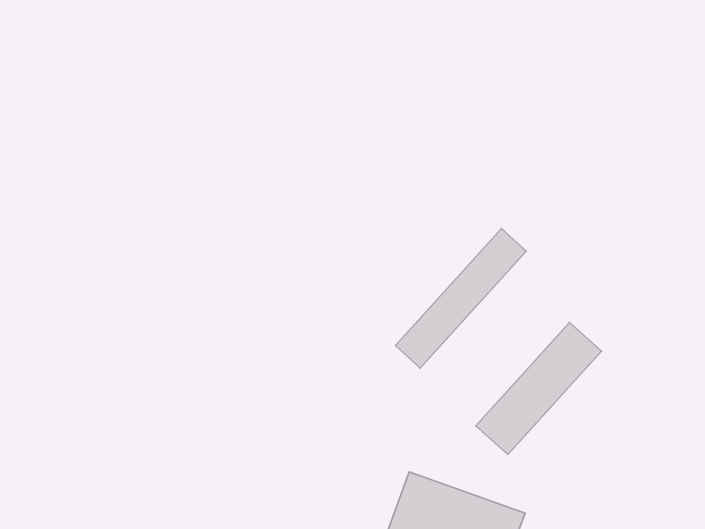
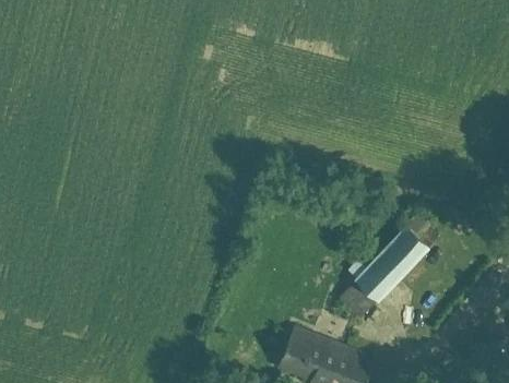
building: [395,228,526,368] -> none

